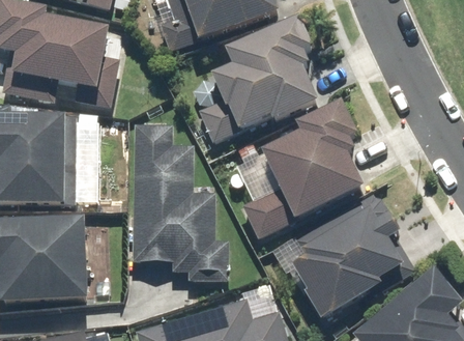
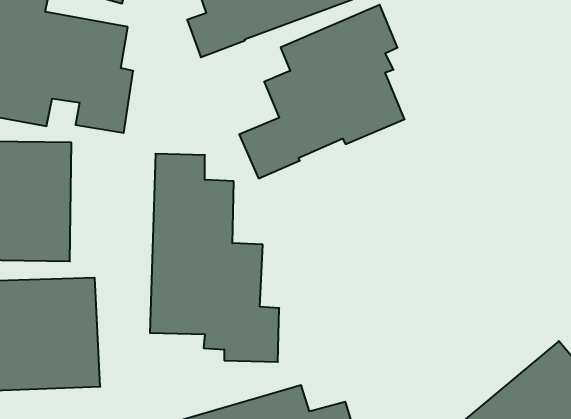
building: [239,97,367,238] -> none
building: [292,196,405,317] -> none

